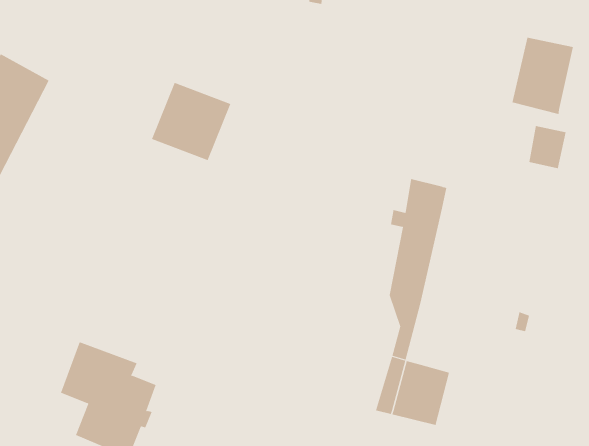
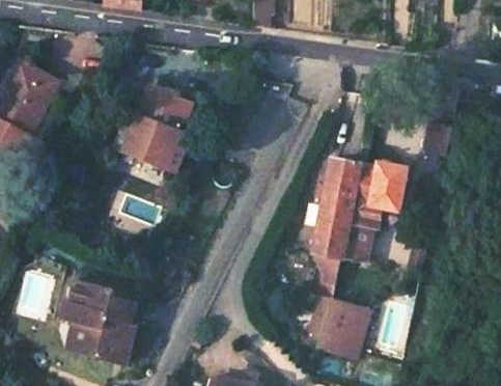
building: [512,37,573,115] -> none
building: none -> [117,126,185,171]
building: none -> [339,162,409,261]

